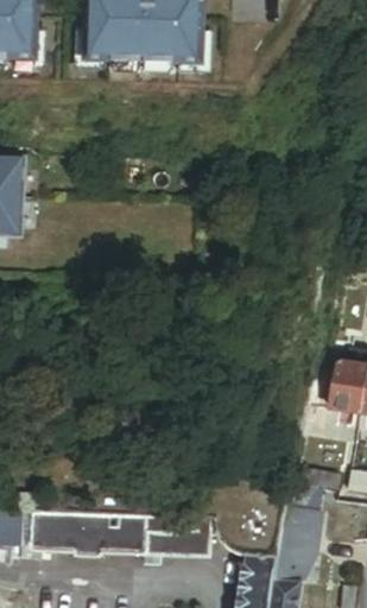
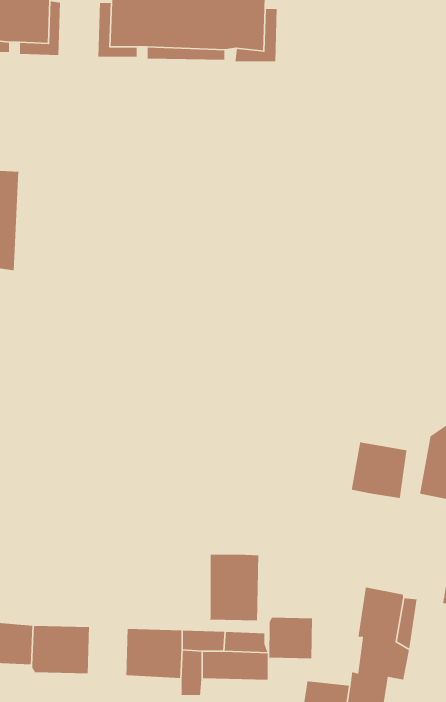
building: none -> [351,442,409,499]
building: none -> [208,554,259,621]
building: none -> [268,617,313,659]
building: [72,512,102,553] -> none

